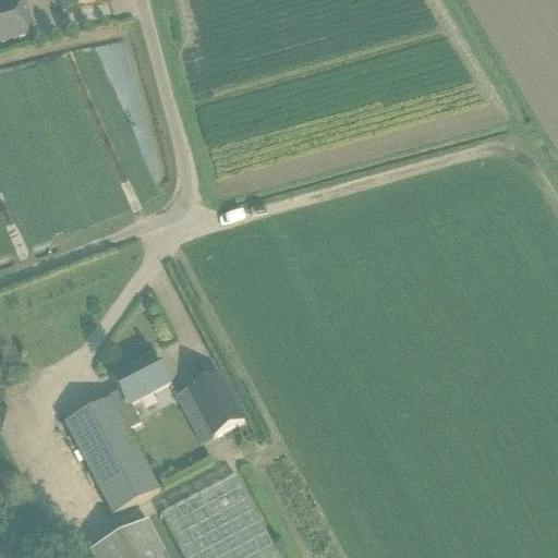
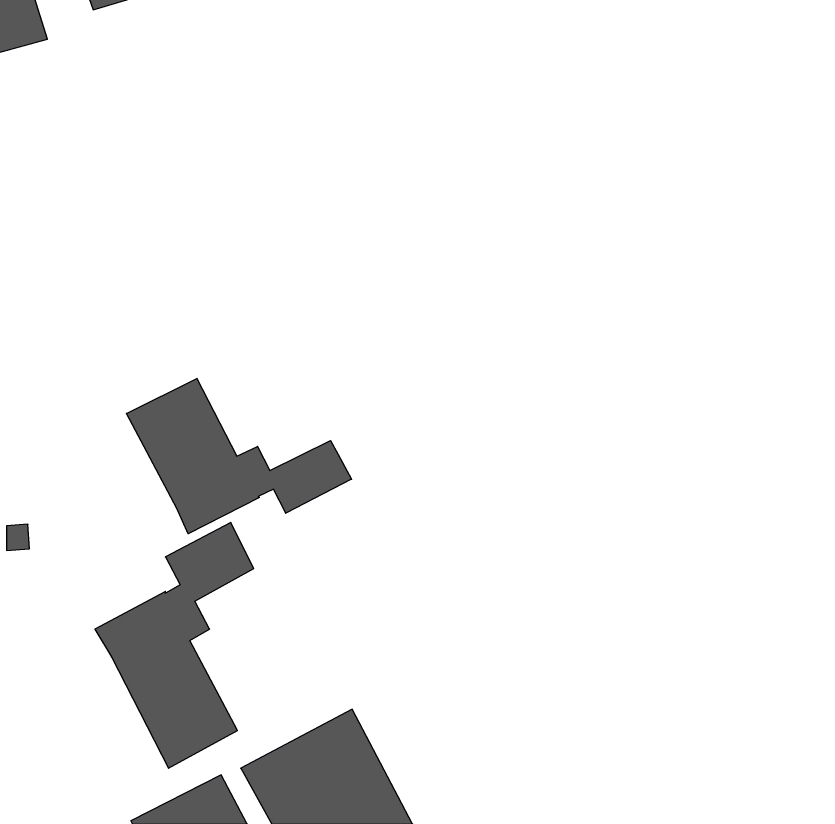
building: none -> [126,378,352,534]
building: [174,368,243,440] -> none

